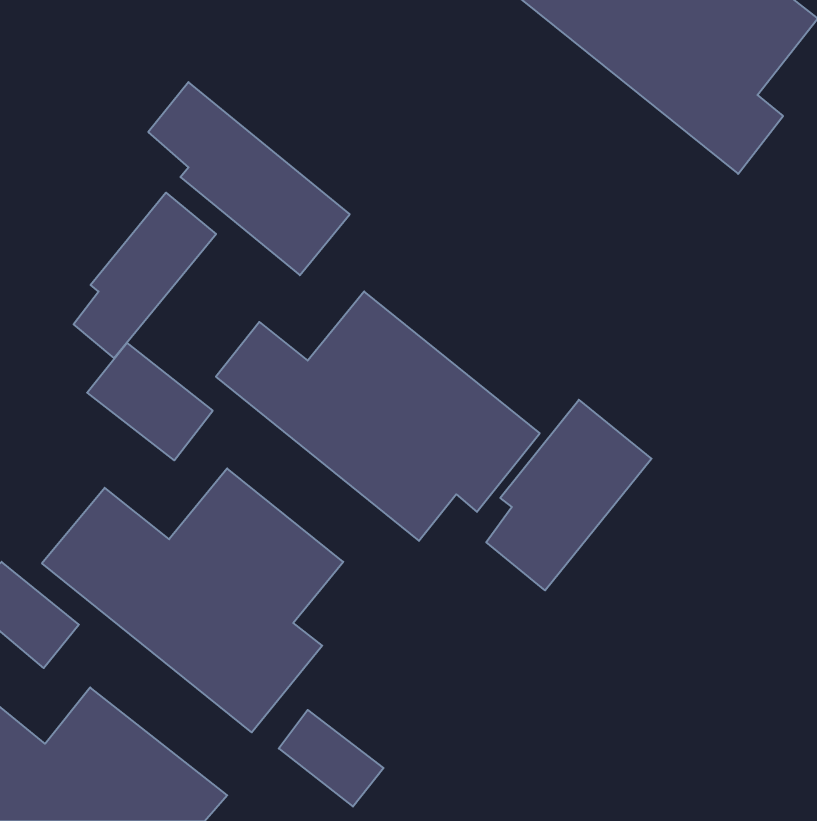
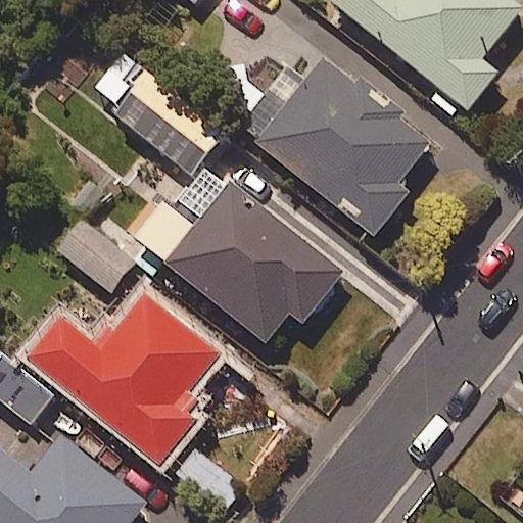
building: none -> [240,60,429,236]
building: [74,193,216,358] -> none
building: [486,400,652,590] -> none

